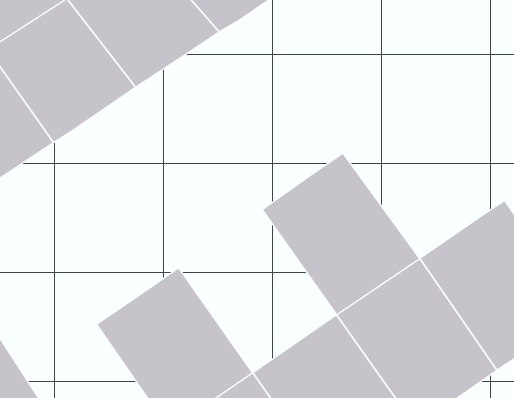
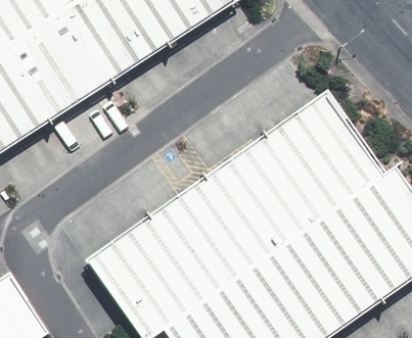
building: none -> [271,92,381,209]
building: none -> [146,173,266,296]

